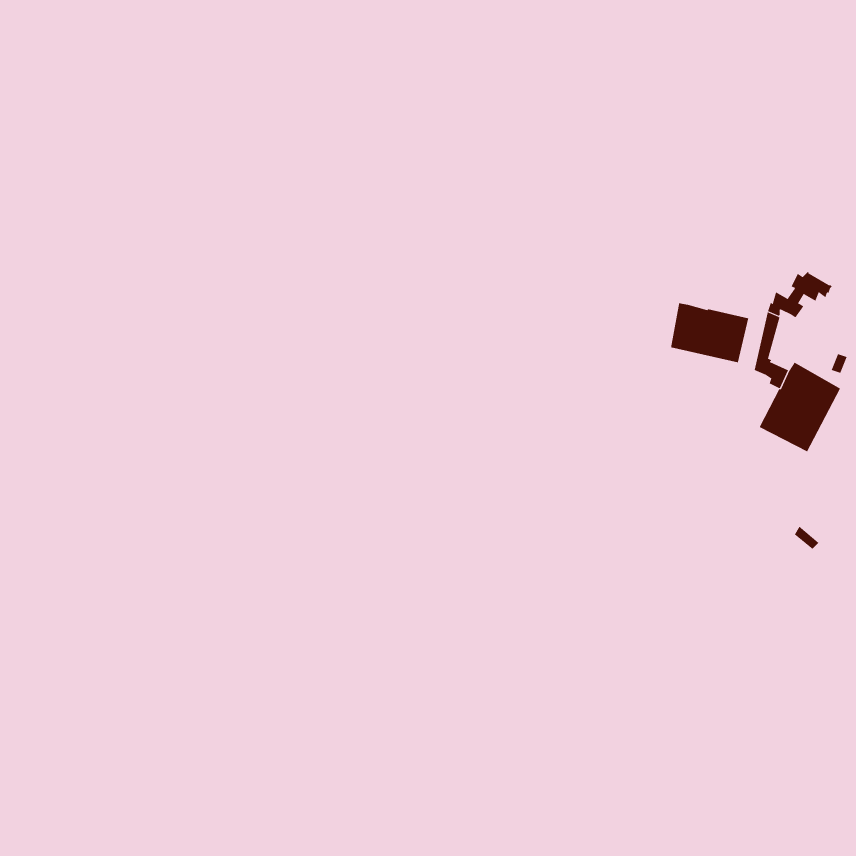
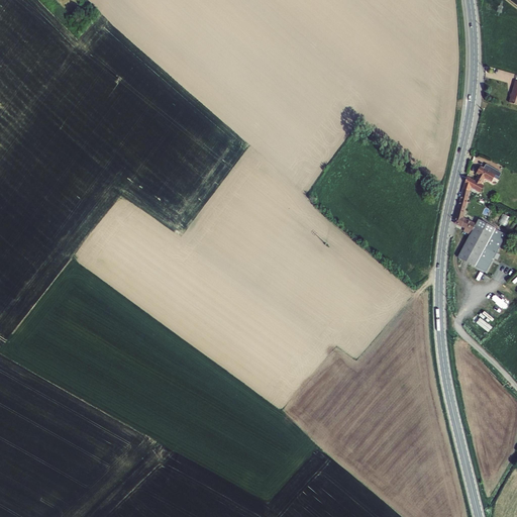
building: [671,302,749,363] -> none

